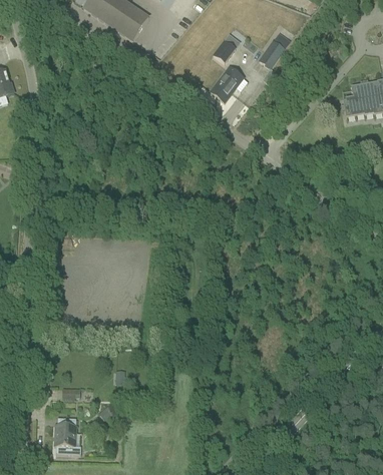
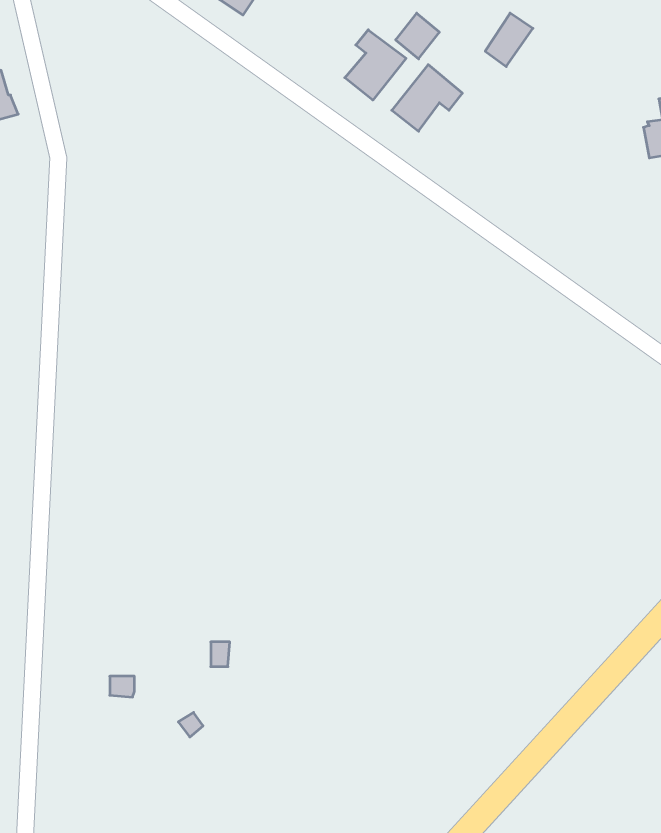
building: none -> [345,30,406,100]
building: [54,417,81,454] -> none

